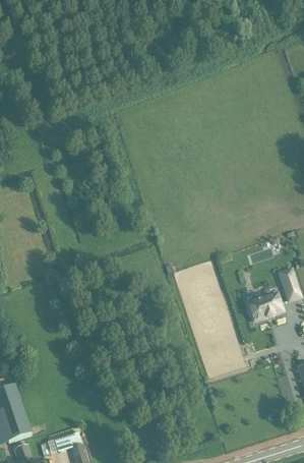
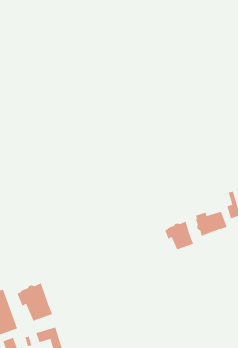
building: none -> [164,221,194,250]
building: none -> [17,283,53,321]

